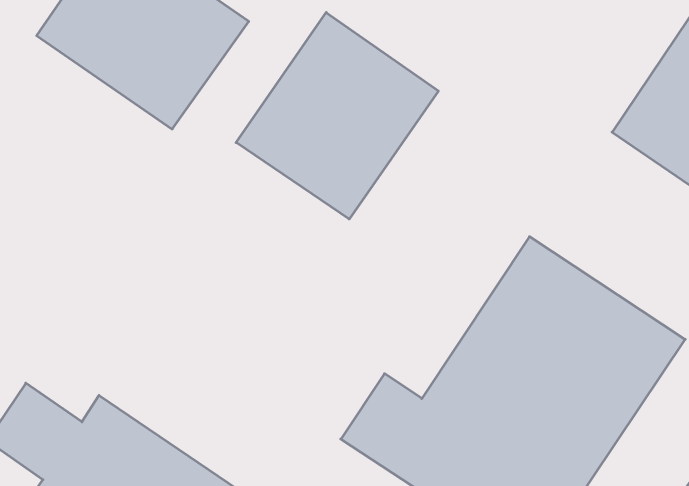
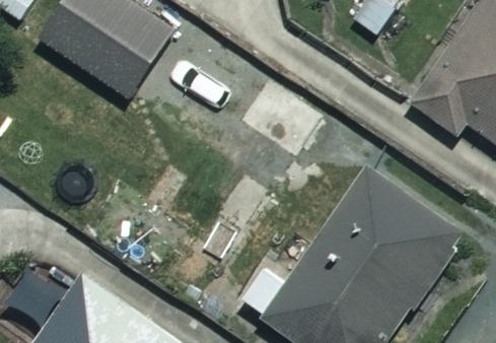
building: [236,12,438,219] -> none

